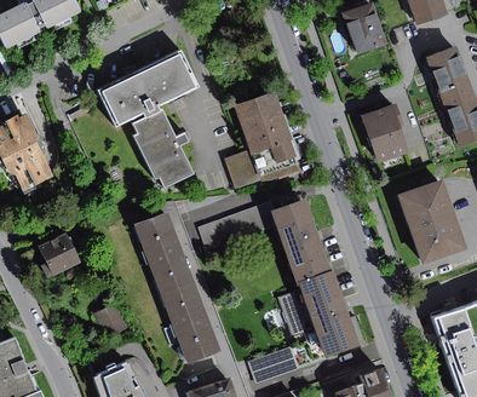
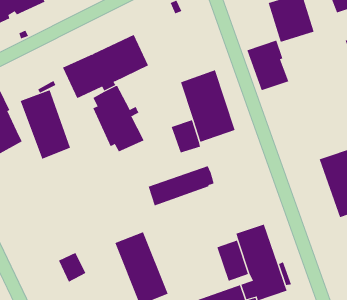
building: [361,103,410,162] -> [247,40,289,91]
building: [271,198,332,283] -> none
building: [133,211,192,292] -> [20,89,71,159]
building: [40,234,80,278] -> none

